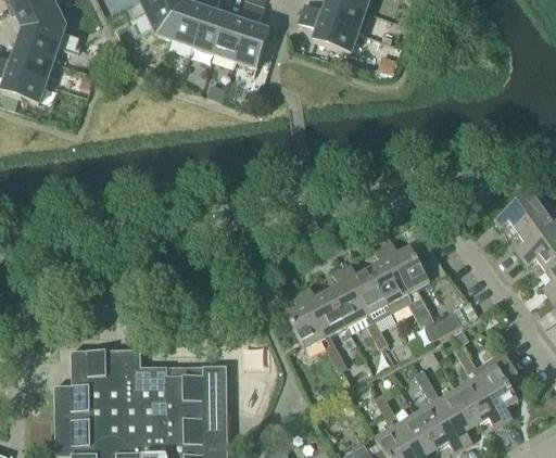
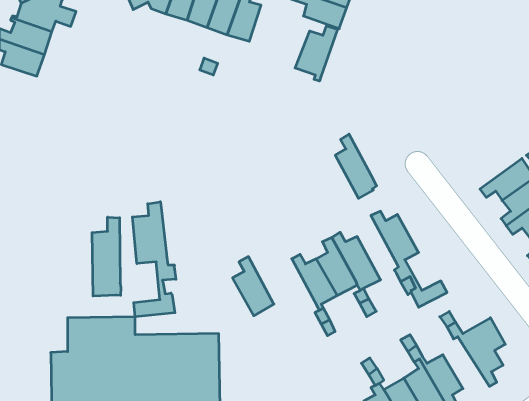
building: none -> [295,26,337,81]
building: none -> [132,202,176,317]
building: [368,245,410,311] -> [335,134,377,198]
building: none -> [92,217,121,296]
building: [285,290,327,351] -> [233,257,274,316]
building: [456,377,504,427] -> none

